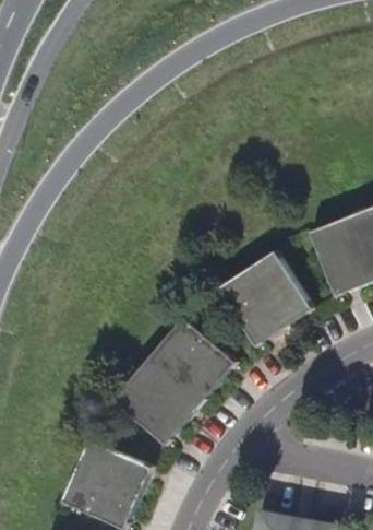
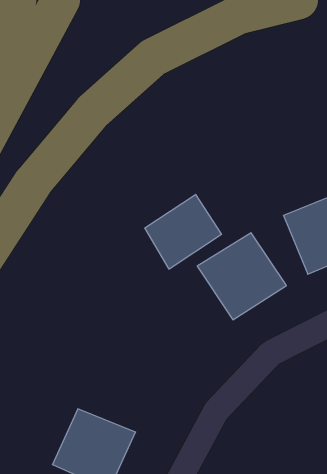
building: none -> [145,194,221,269]
building: [113,319,236,443] -> none

